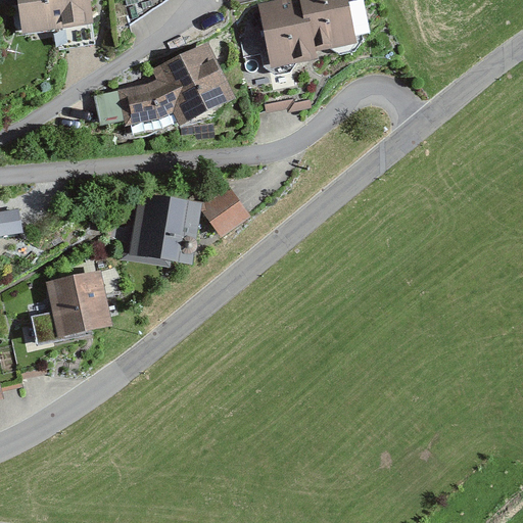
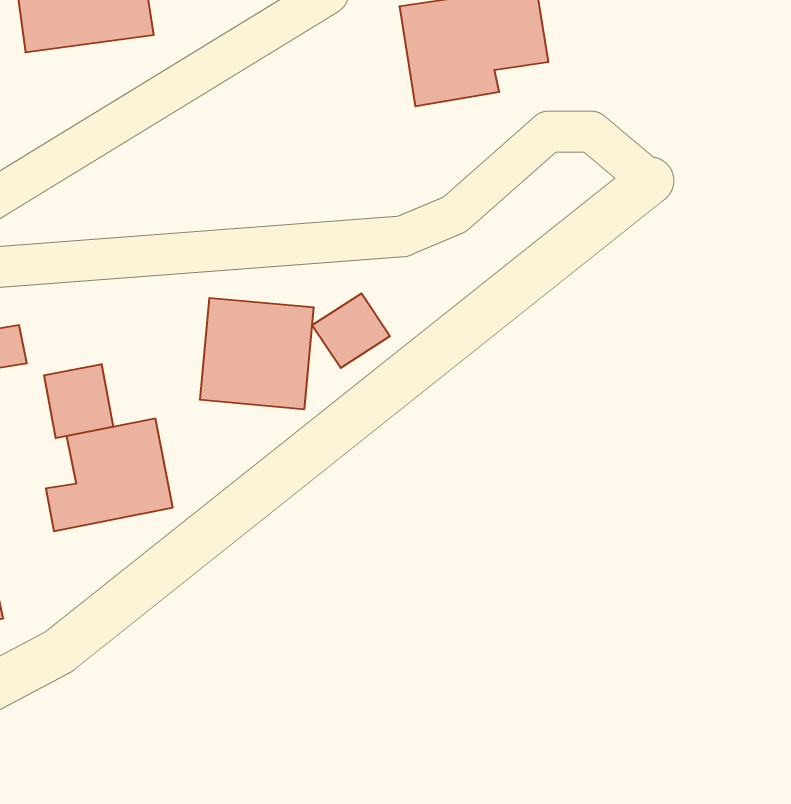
building: [115,42,238,131] -> none
building: none -> [44,364,113,438]

